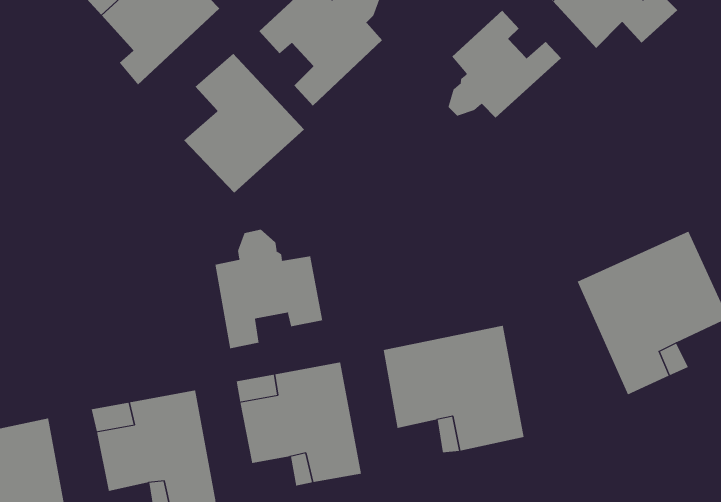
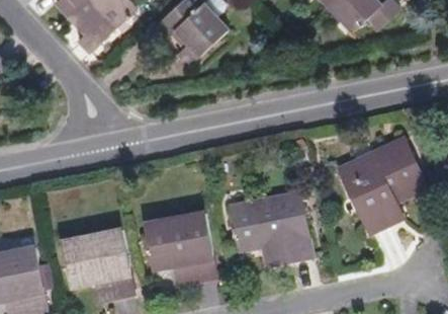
building: [448,10,562,119] -> none
building: [183,53,305,194] -> none
building: [215,229,323,349] -> none

